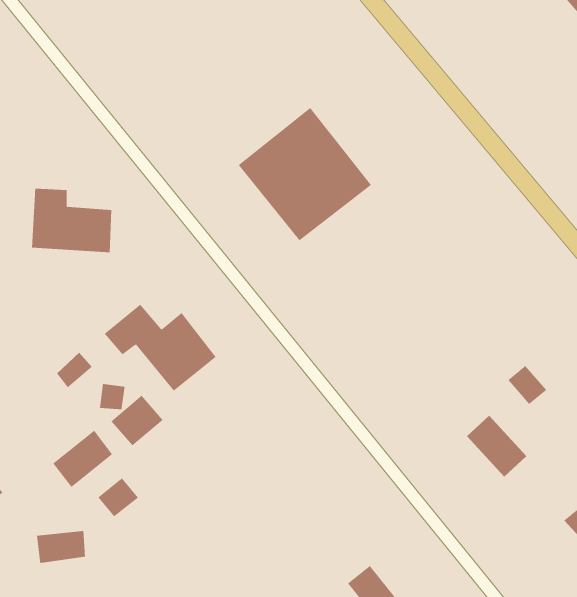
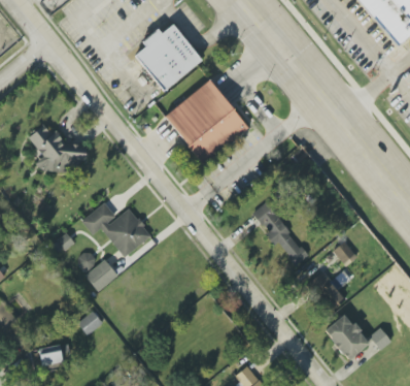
building: none -> [135,24,201,90]
building: none -> [252,201,308,265]
building: [52,430,113,488] -> none
building: none -> [324,313,369,360]

